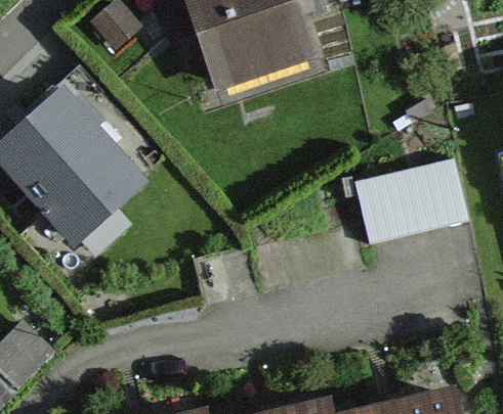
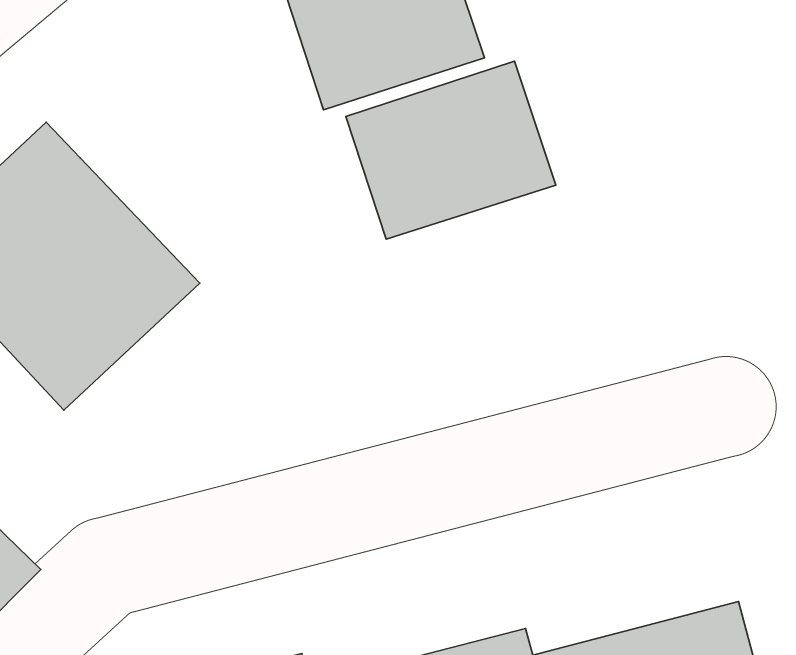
building: none -> [346,61,556,239]
building: [357,162,469,246] -> none

